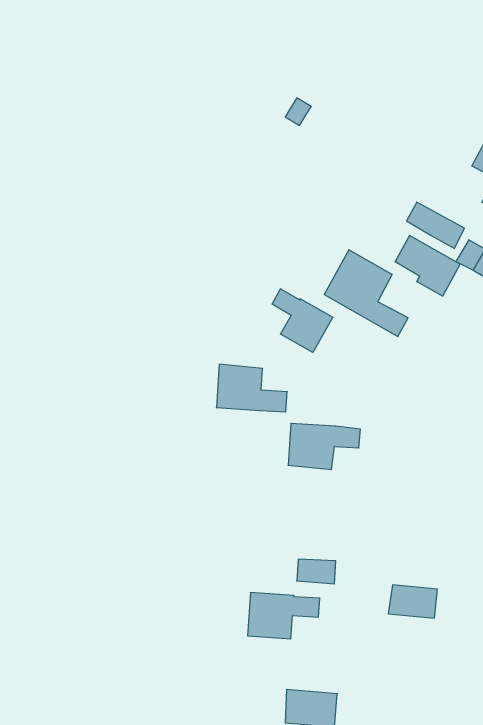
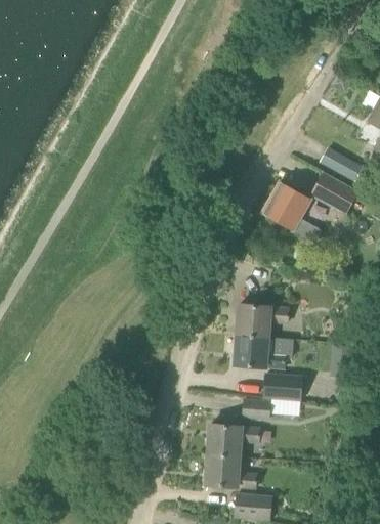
building: [272,289,333,352] -> none
building: [216,364,287,412] -> [235,334,285,367]
building: [388,585,437,618] -> [262,375,297,398]
building: none -> [206,454,256,487]

